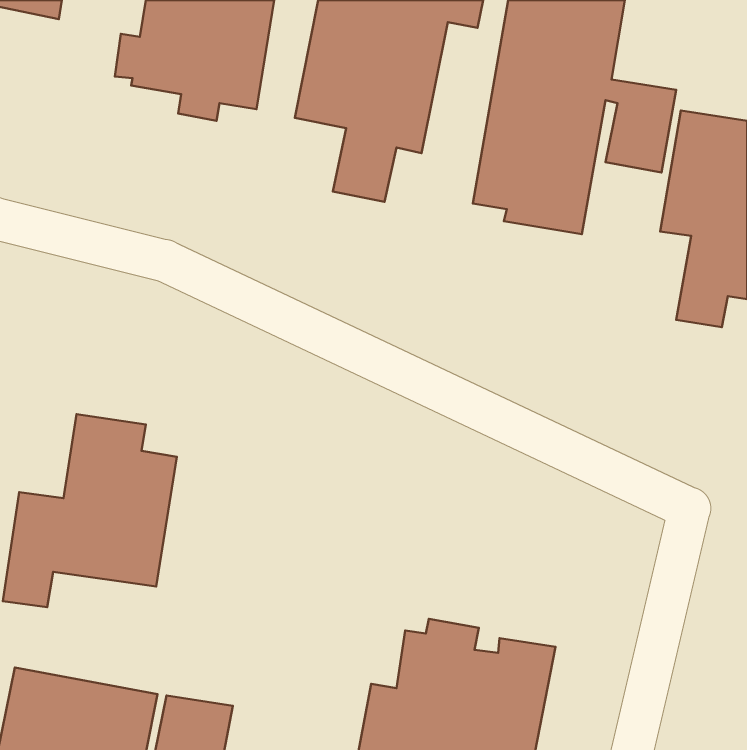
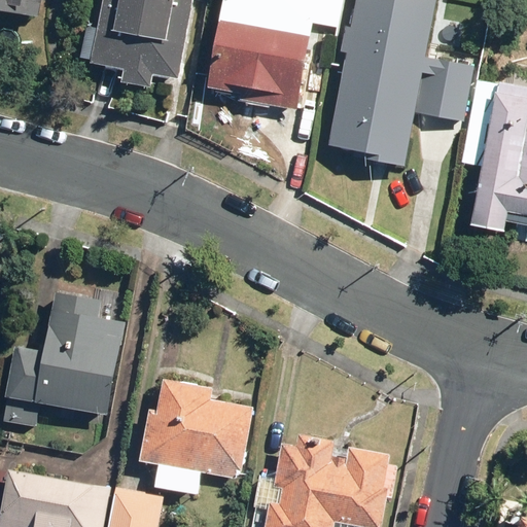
building: none -> [141,379,253,493]

